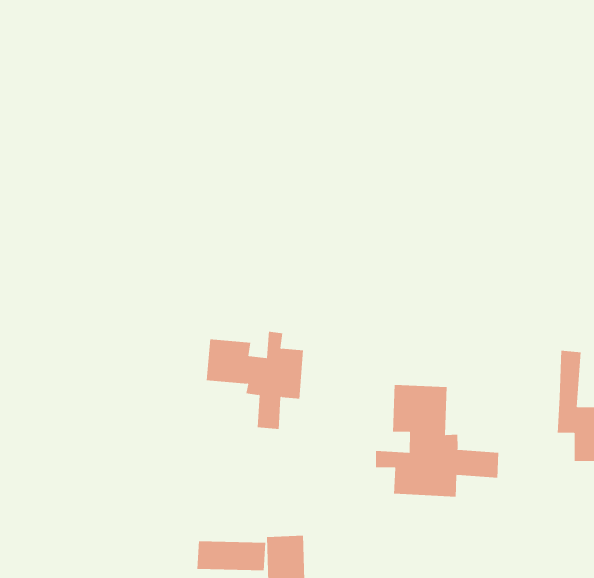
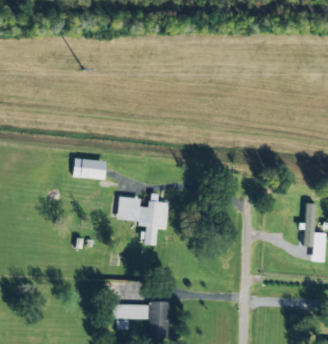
building: none -> [74,159,105,179]
building: [375,384,499,498] -> none

